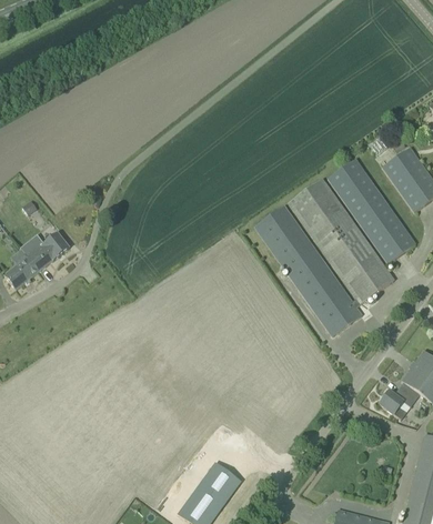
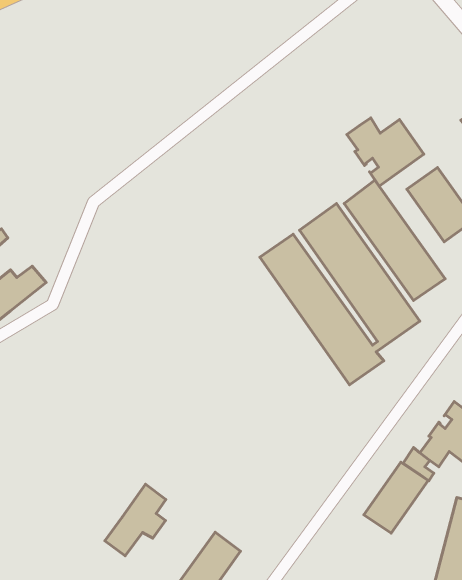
building: none -> [347,118,424,186]
building: none -> [364,462,428,533]
building: none -> [105,484,166,556]

